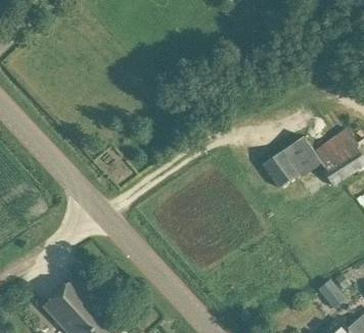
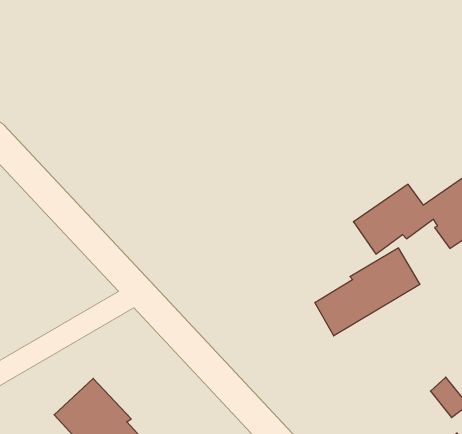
building: none -> [315,248,420,336]

